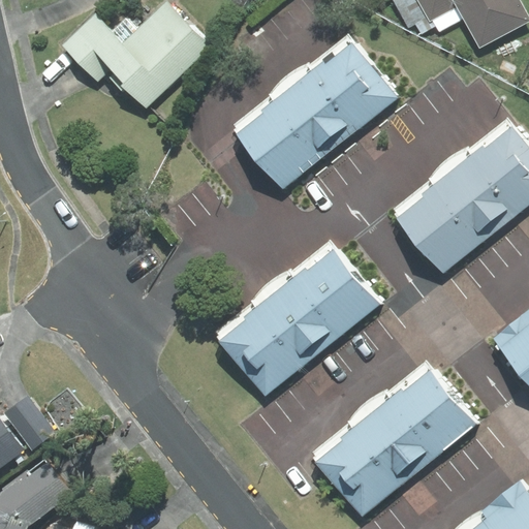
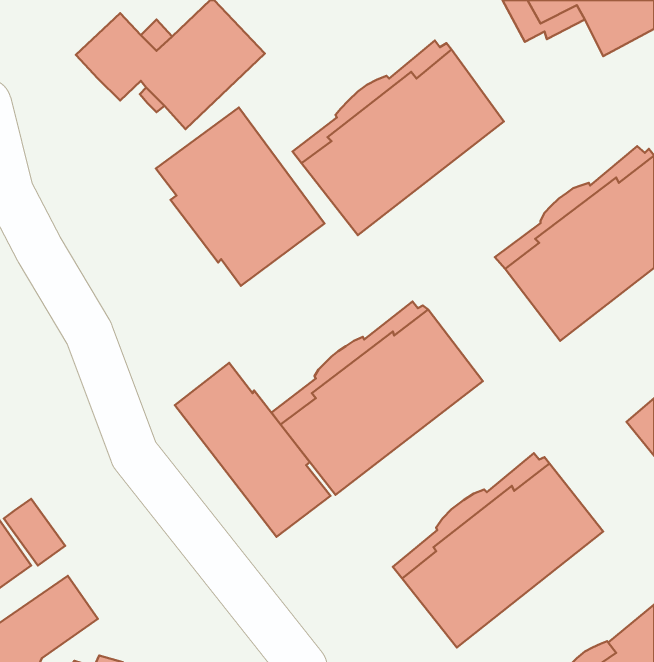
building: none -> [156,108,325,286]
building: none -> [175,363,331,537]

